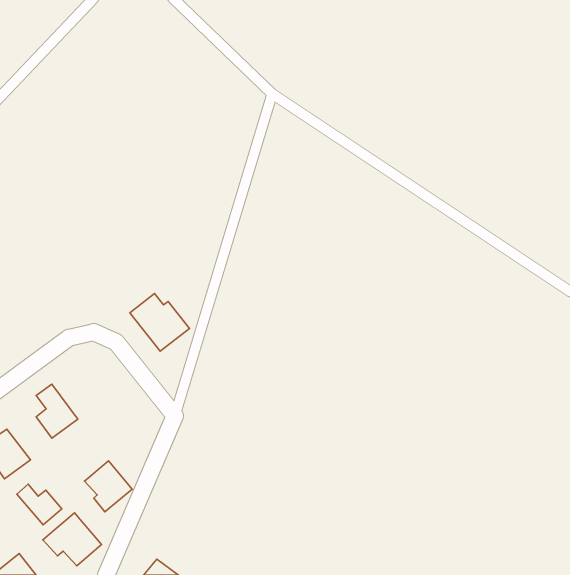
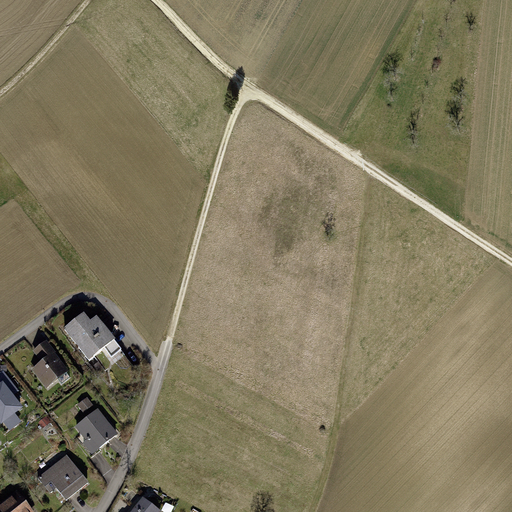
building: [130,293,189,351] -> [57,312,110,363]
building: [17,484,62,525] -> none

